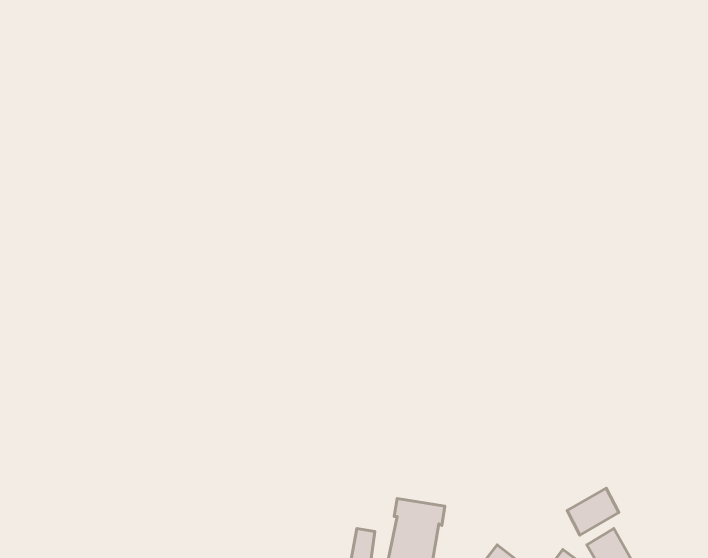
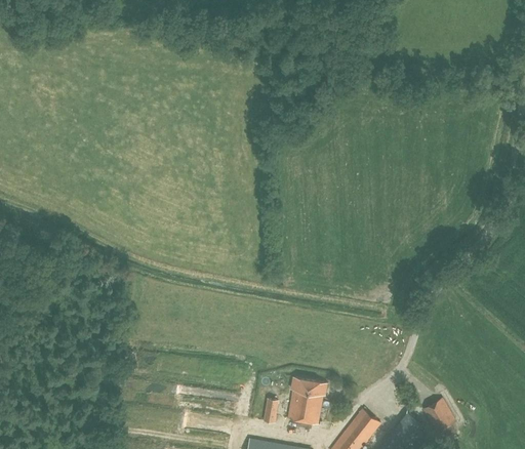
building: [567,488,619,535] -> none

